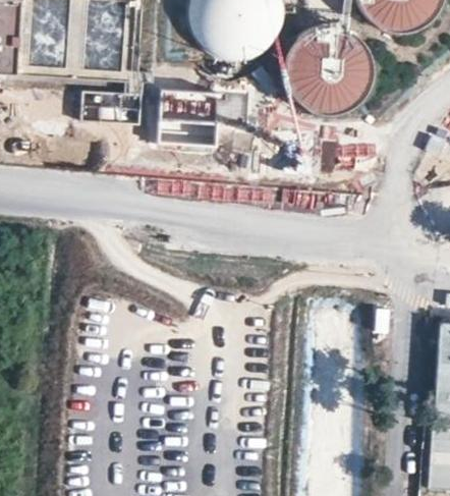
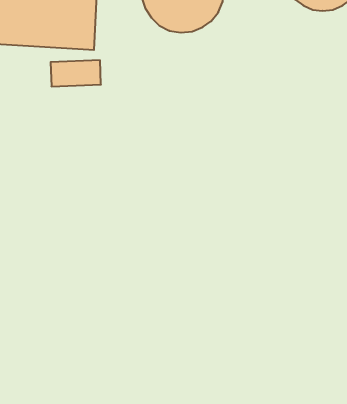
building: [283,23,373,112] -> none

